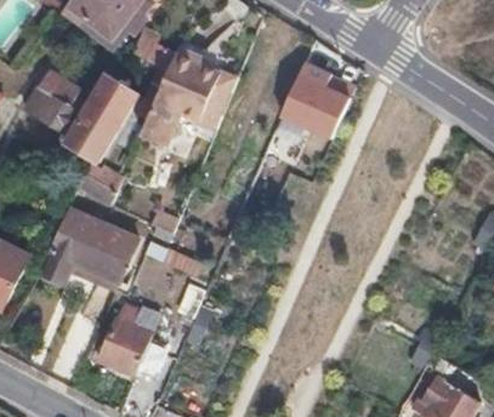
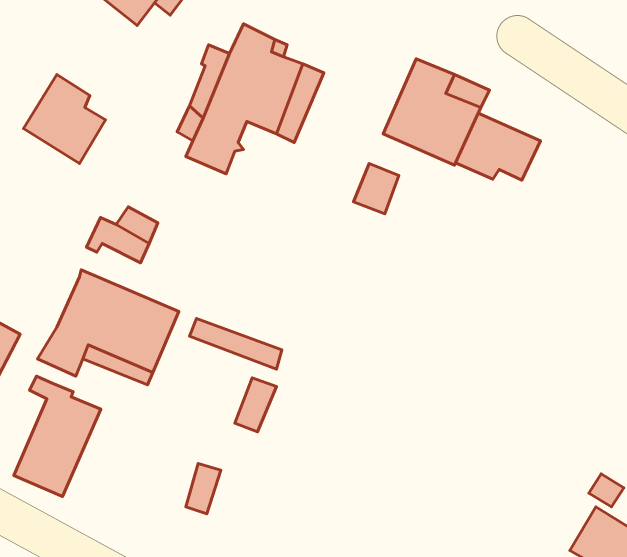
building: [66,75,137,160] -> none
building: none -> [456,113,540,180]
building: [100,292,160,376] -> [14,376,101,496]

